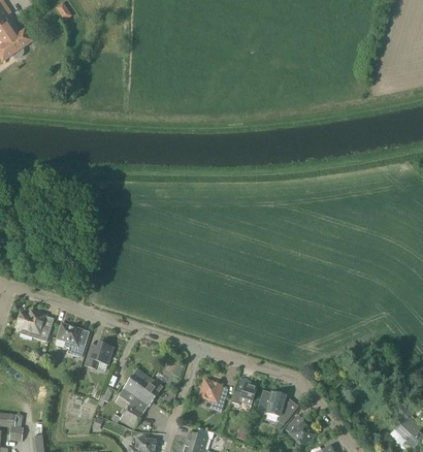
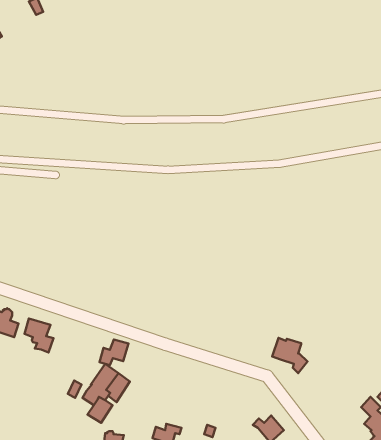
building: [84,342,112,367] -> [99,340,128,365]
building: [231,377,256,407] -> none
building: [198,378,225,411] -> none
building: [256,389,291,424] -> [272,338,307,373]

